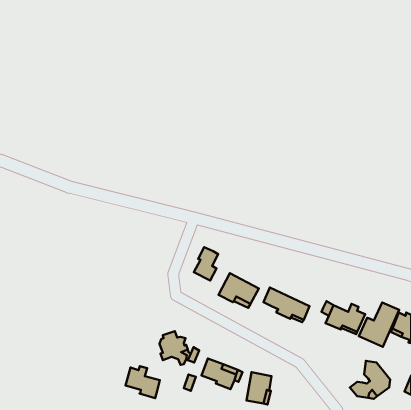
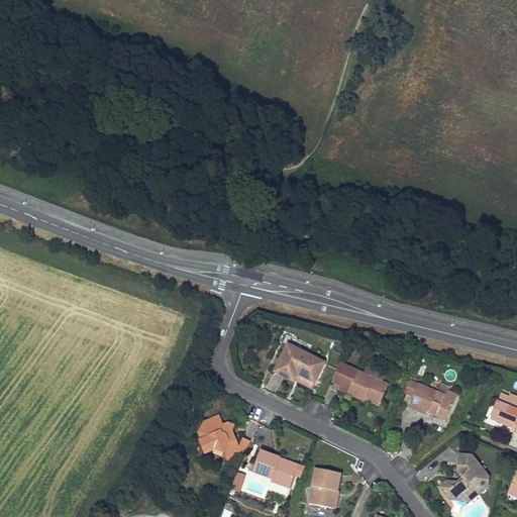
building: [194,247,218,281] -> none
building: [359,302,399,347] -> none
building: [126,366,160,398] -> none

